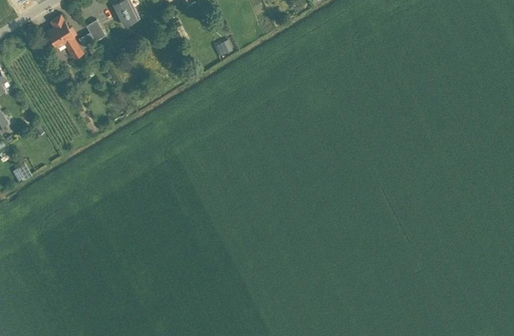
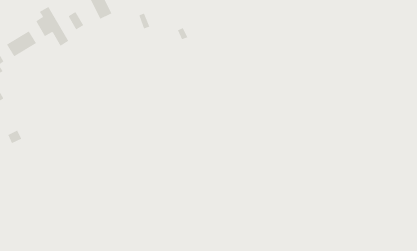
building: none -> [6,30,37,57]

